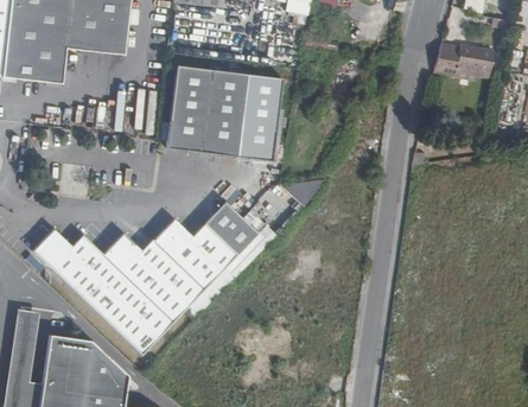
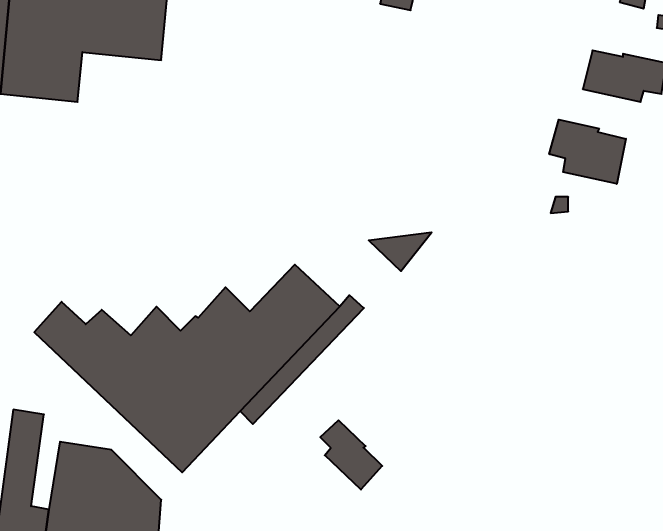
building: [164,64,279,157] -> none
building: none -> [549,120,626,184]
building: none -> [320,420,382,490]

